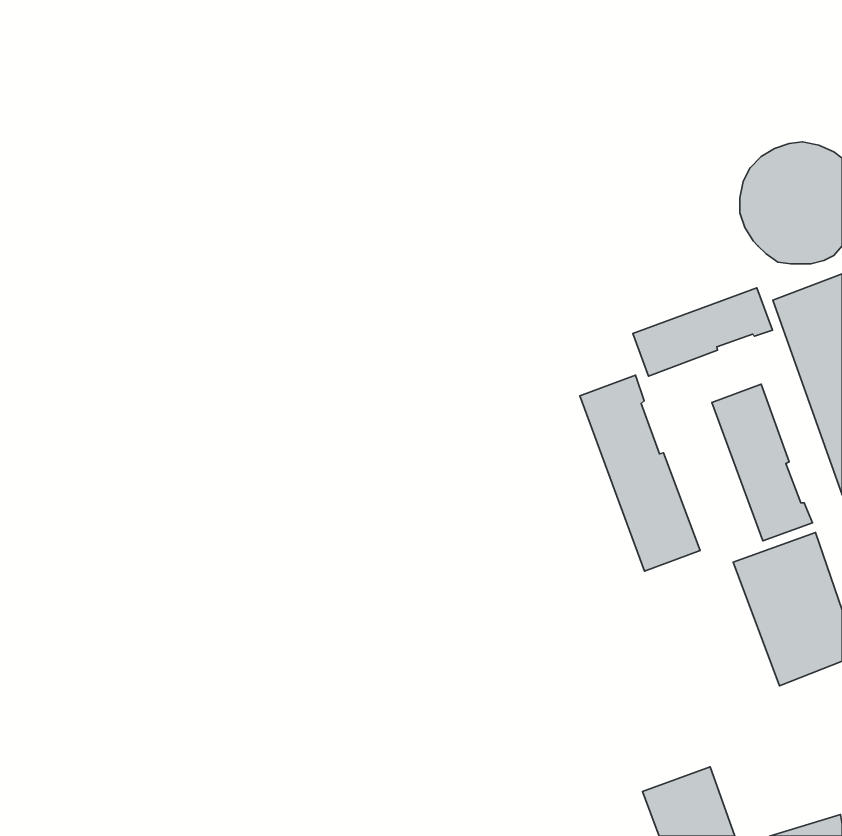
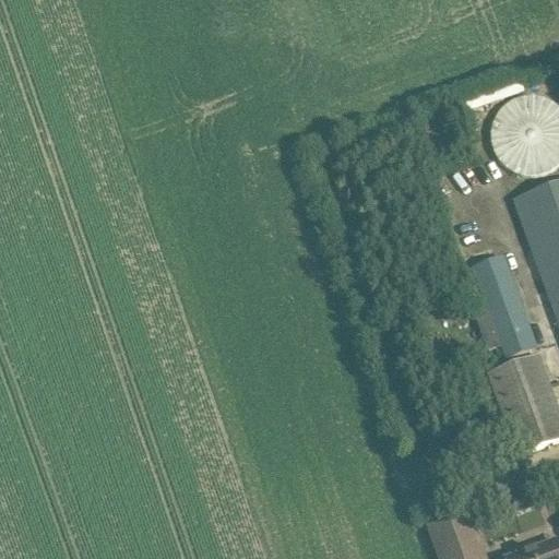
building: [633,288,773,376] -> none
building: [580,375,700,571] -> none

